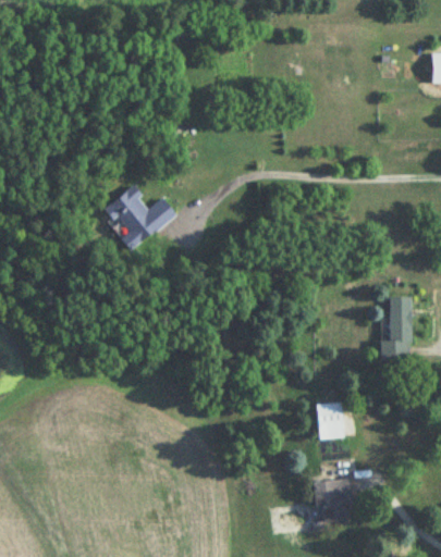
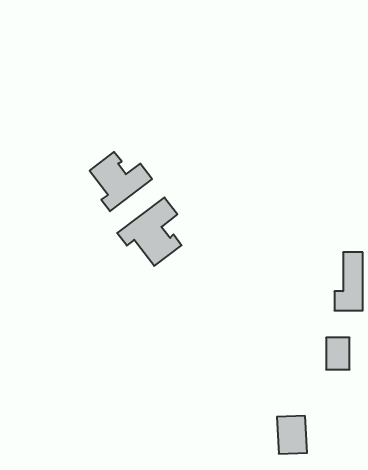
building: none -> [117,197,182,266]
building: [317,403,343,438] -> [326,338,350,370]

